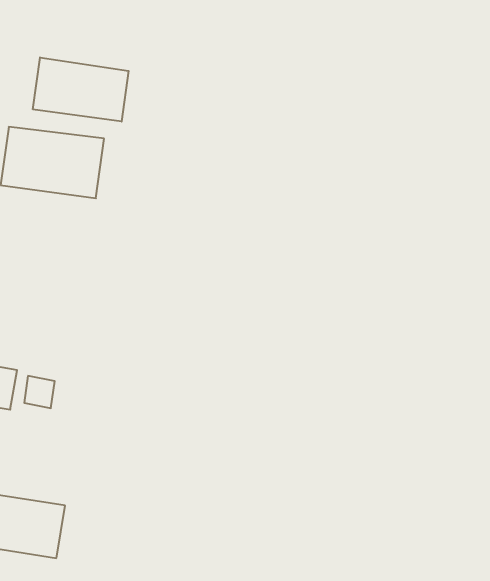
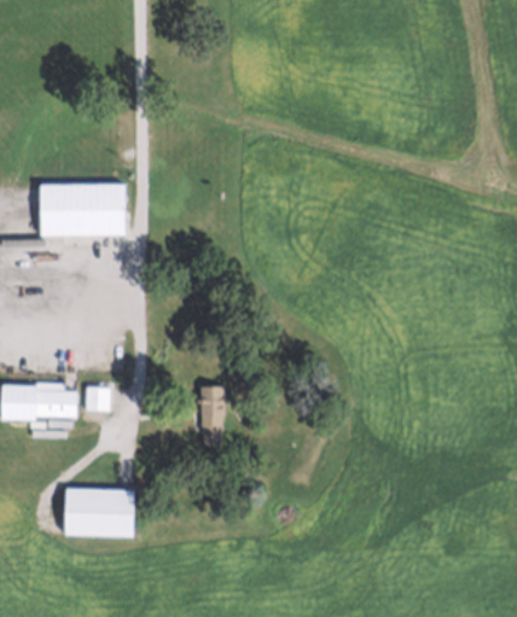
building: [33,57,129,122] -> none
building: none -> [203,386,223,430]

